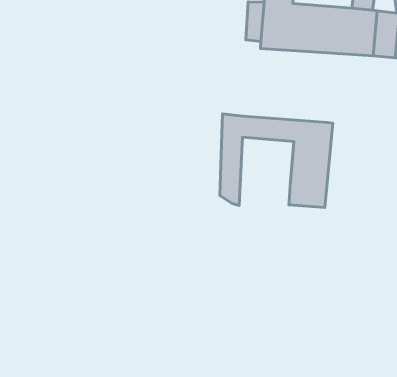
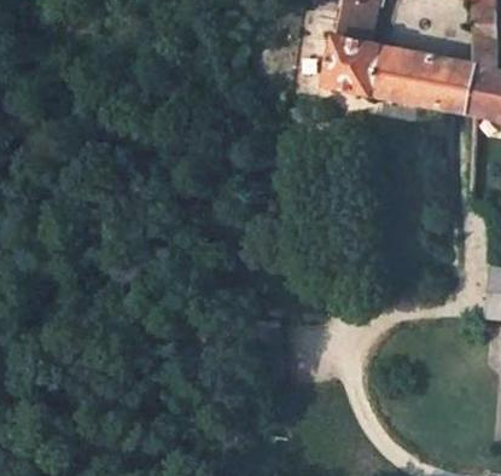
building: [220,114,333,208] -> none

